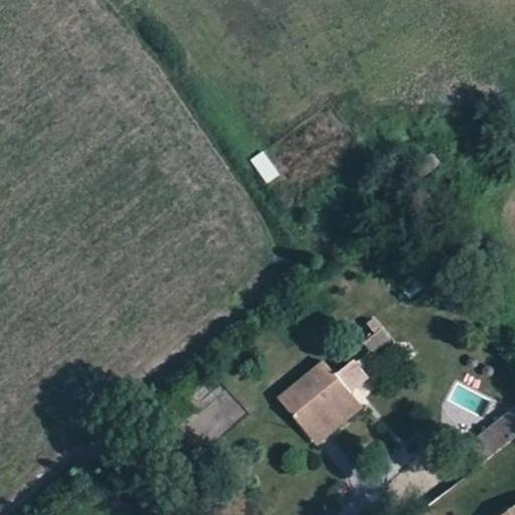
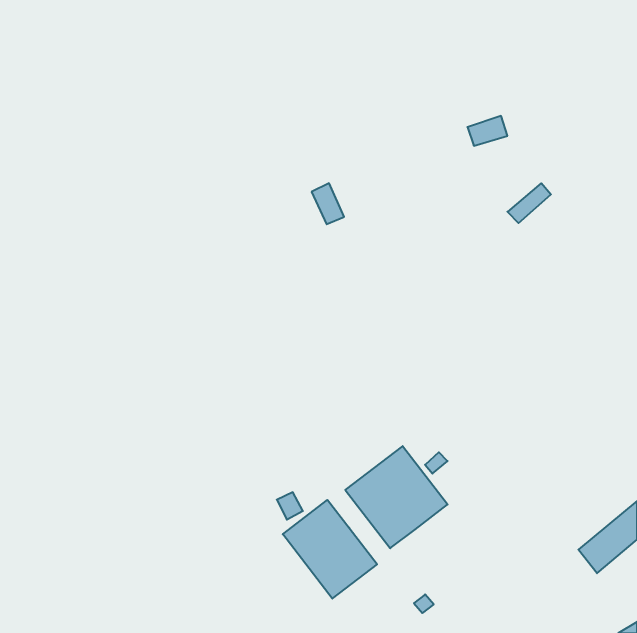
building: none -> [283,500,377,599]

